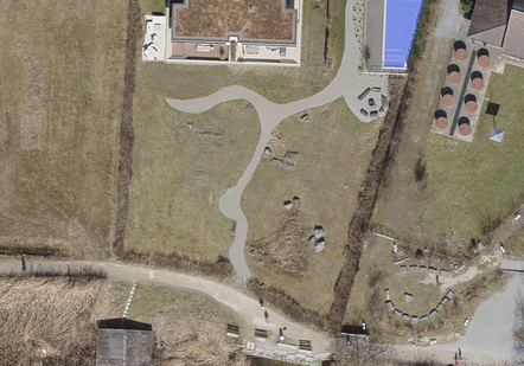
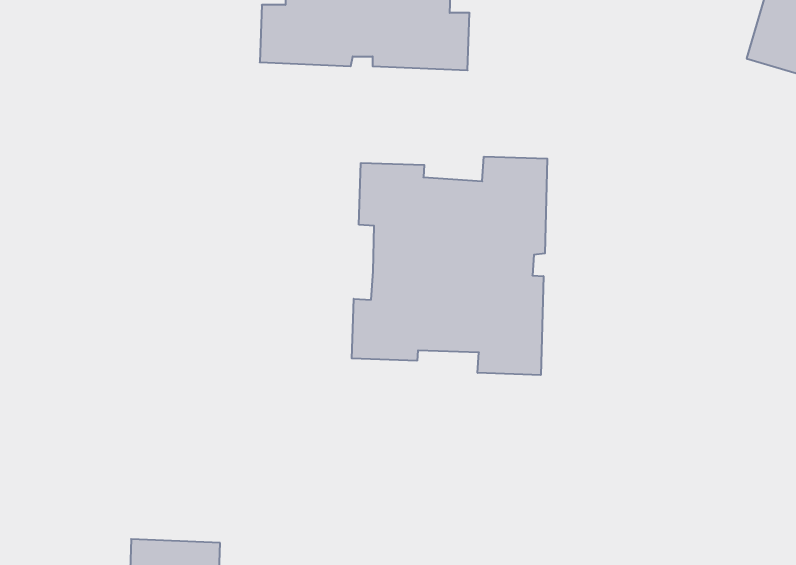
building: none -> [352,157,547,375]

